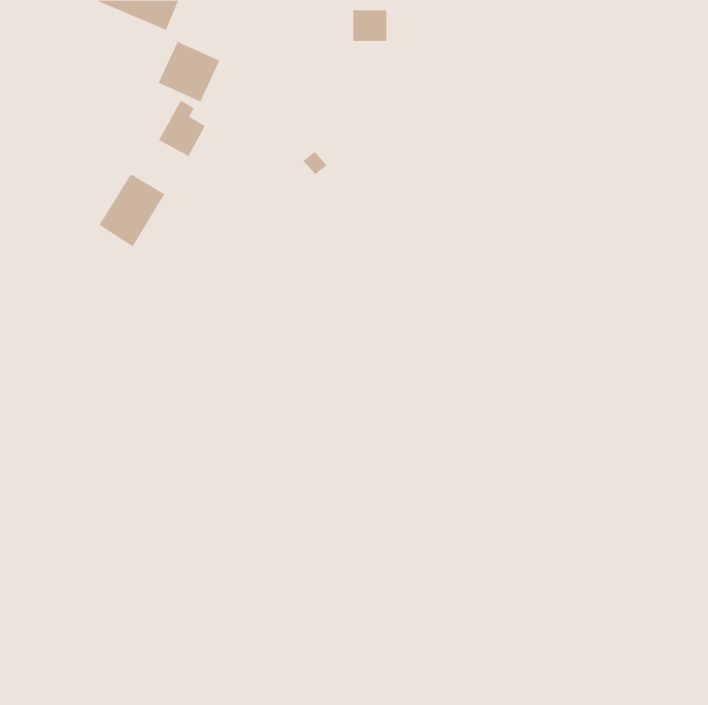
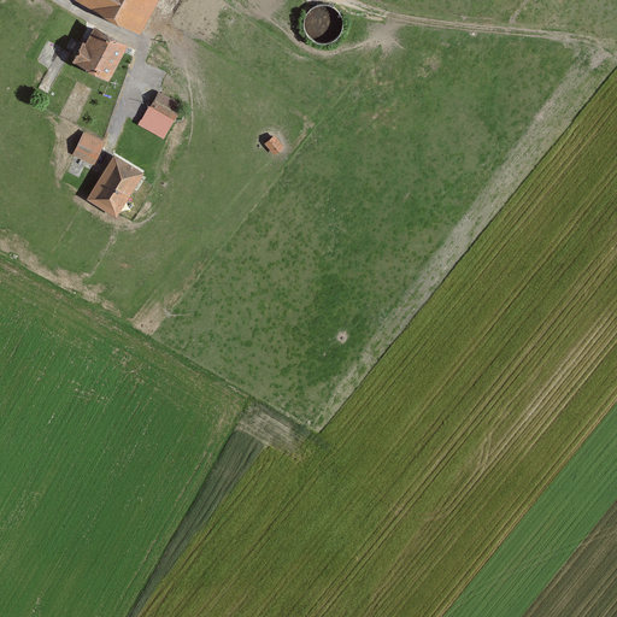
building: [158,41,220,102] -> [72,27,127,80]
building: none -> [71,131,105,166]

